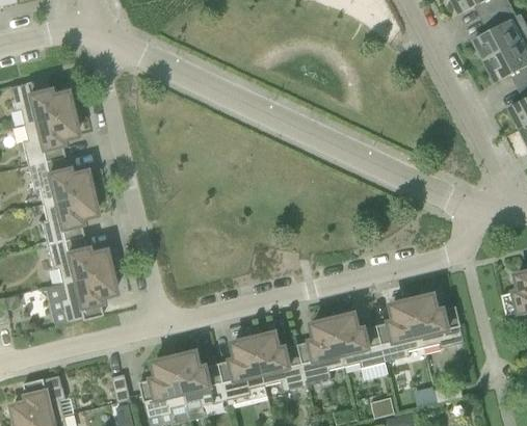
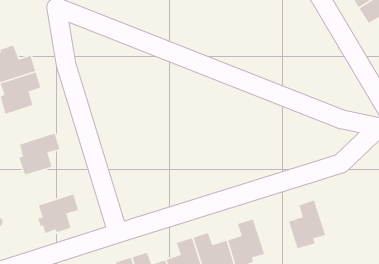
building: [27,156,89,204] -> none
building: [47,236,108,283] -> none
building: [413,294,462,348] -> none
building: [334,313,386,367] -> none

